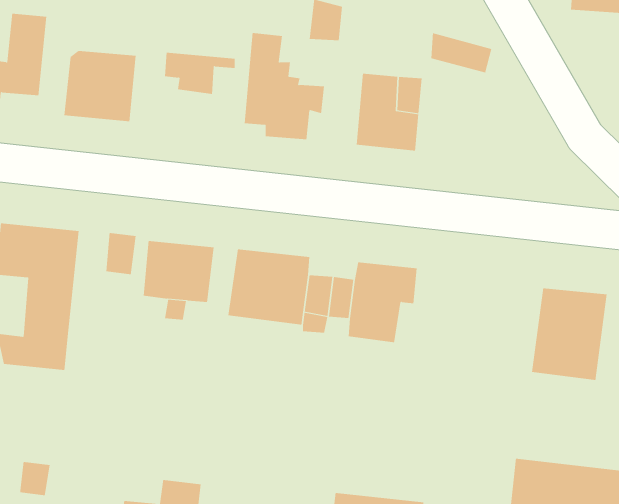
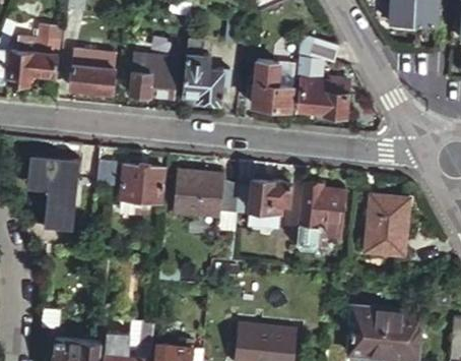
building: none -> [130,58,178,99]
building: none -> [302,81,346,116]
building: none -> [297,185,344,248]

